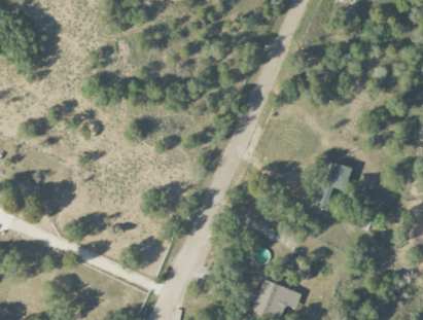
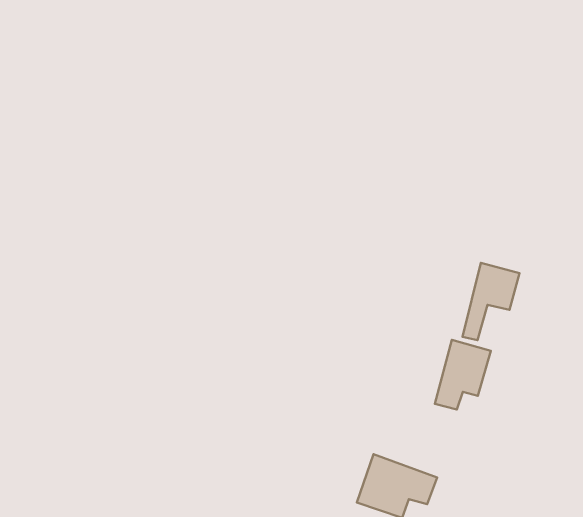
building: none -> [435,340,491,409]

